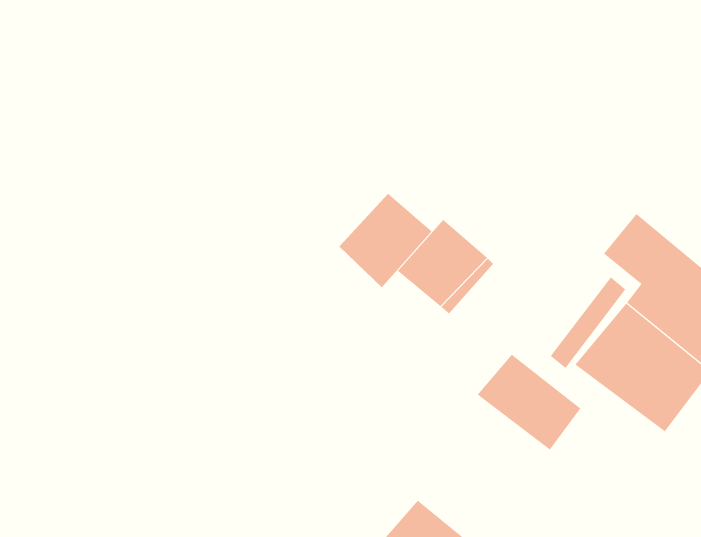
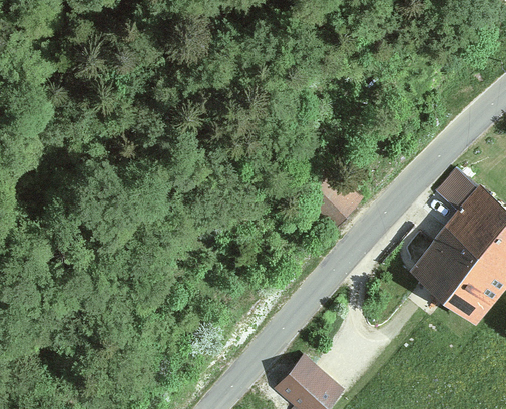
building: [339,193,433,288] -> none
building: [477,354,581,451] -> none

